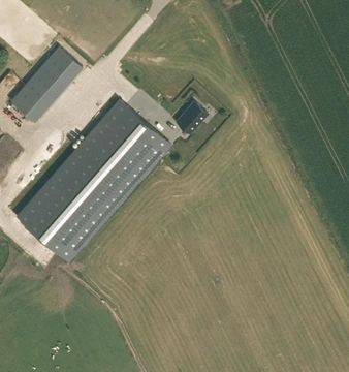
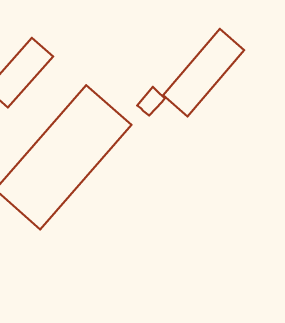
building: none -> [163,29,244,116]

